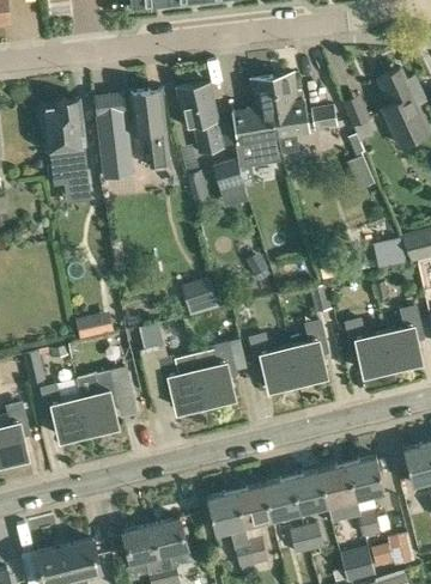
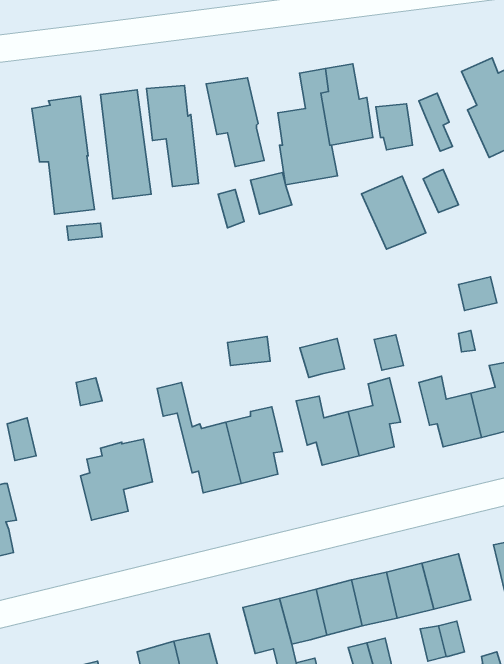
building: none -> [362,176,426,249]
building: none -> [300,338,344,378]
building: [40,384,87,438] -> none

